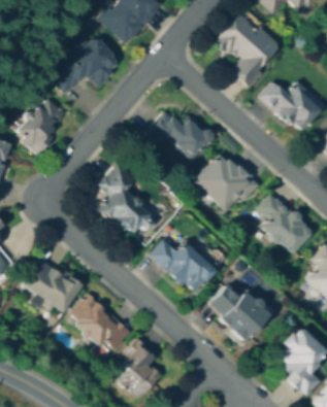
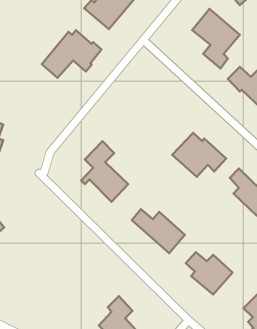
building: [17,97,62,151] -> none
building: [150,113,207,154] -> none
building: [24,261,80,311] -> none
building: [70,294,130,346] -> none

